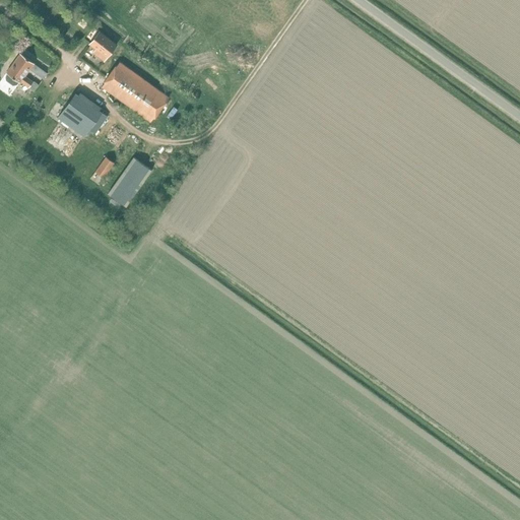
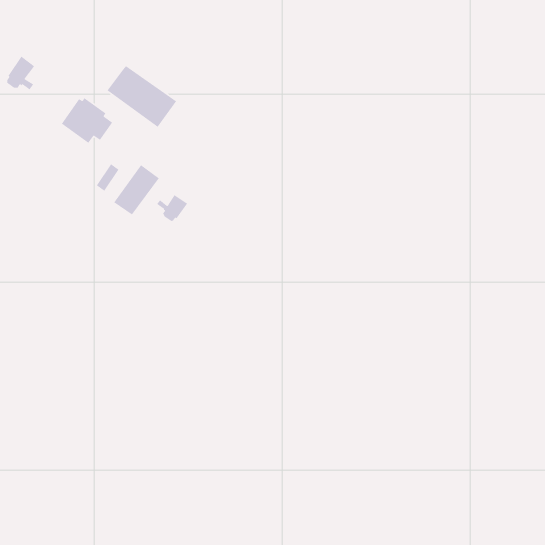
building: [89,32,116,61] -> none
building: none -> [156,194,188,222]

